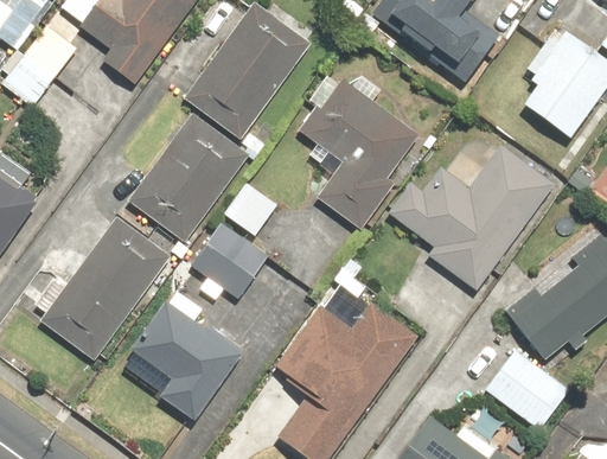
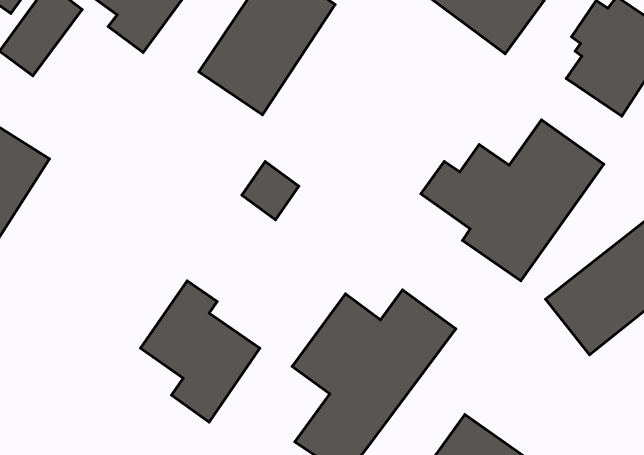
building: [296,78,420,229] -> none
building: [129,111,250,241] -> none
building: [41,216,173,359] -> none
building: [196,224,268,297] -> none
building: [483,348,567,428] -> none

